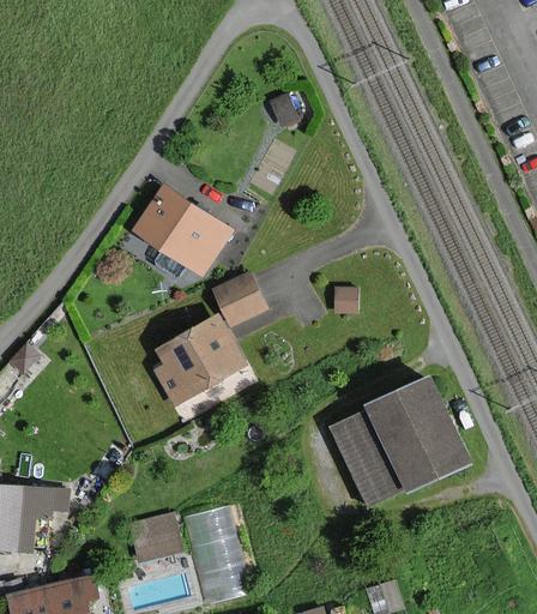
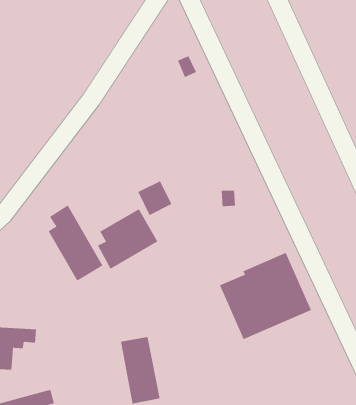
building: [134,187,228,273] -> none
building: none -> [48,205,103,281]
building: [128,511,186,562] -> none

